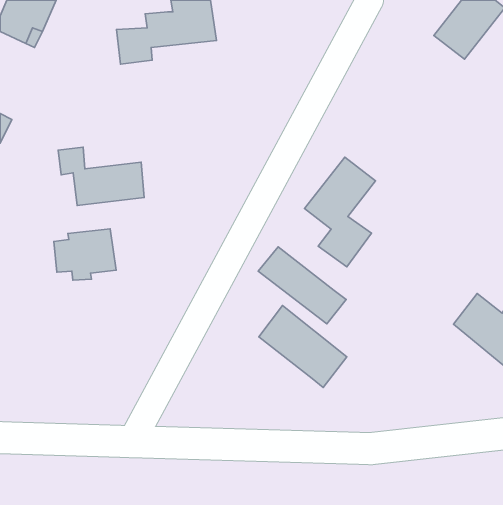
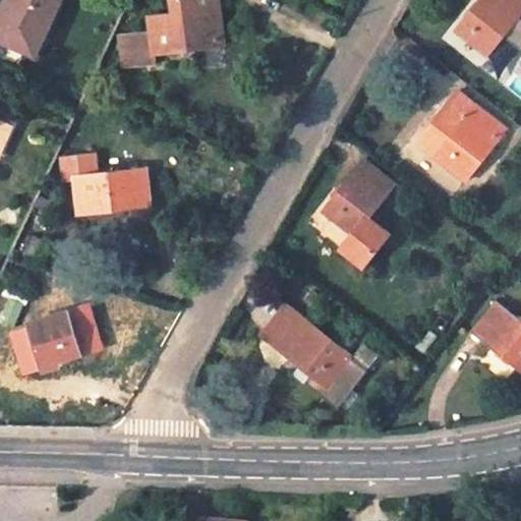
building: none -> [417,89,508,181]
building: [54,229,116,280] -> [17,309,81,362]
building: [258,247,346,324] -> none

